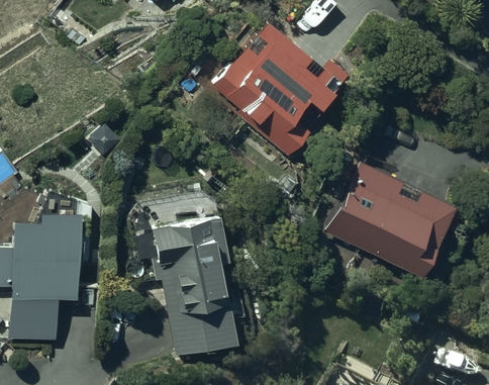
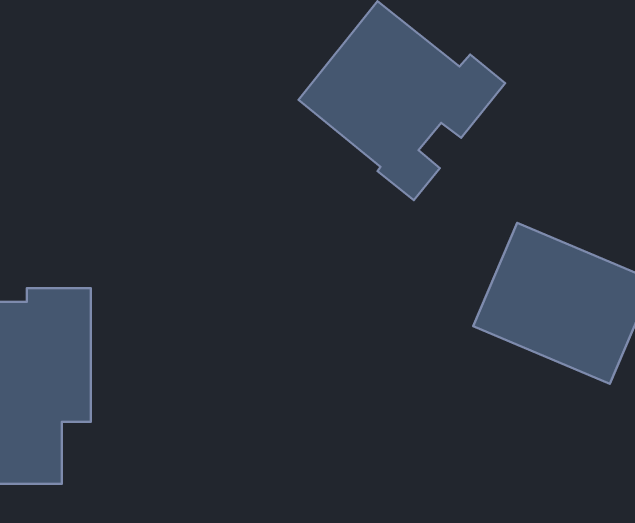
building: [154,219,237,357] -> none

